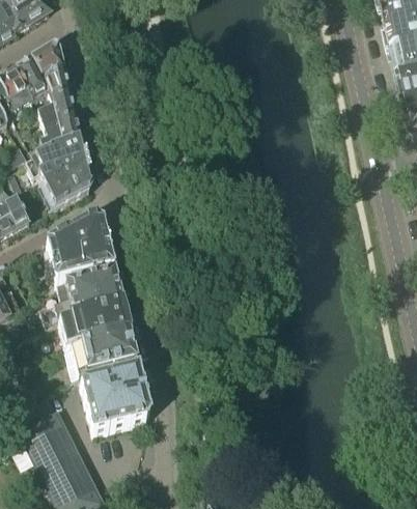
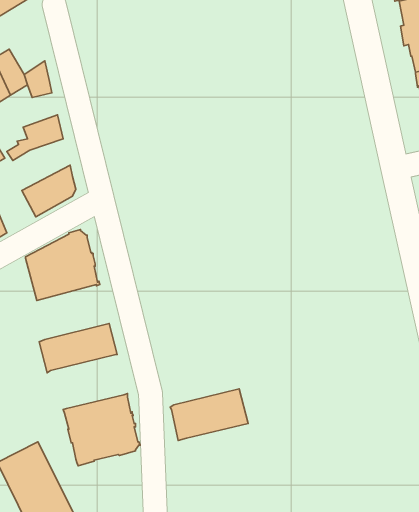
building: [31,41,63,78] -> none
building: [37,94,75,125] -> none
building: [34,136,86,182] -> none
building: [40,273,121,327] -> none
building: [65,331,136,377] -> [170,389,248,441]

